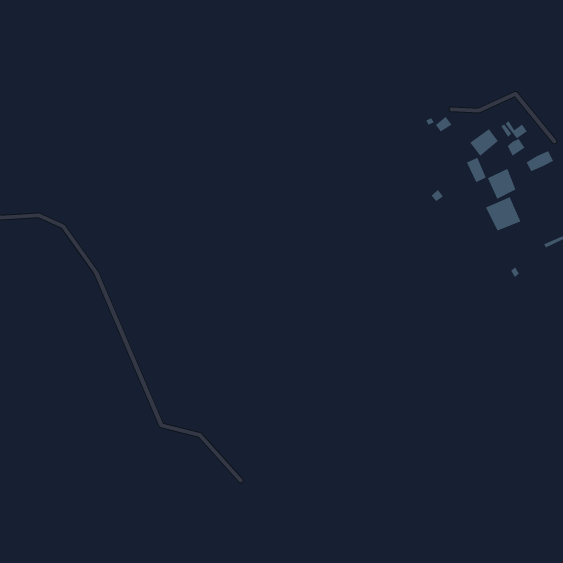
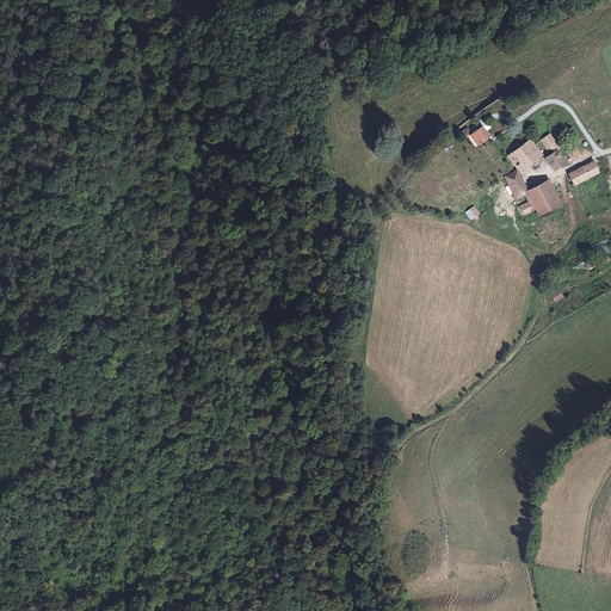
building: [485,196,522,232] -> none

